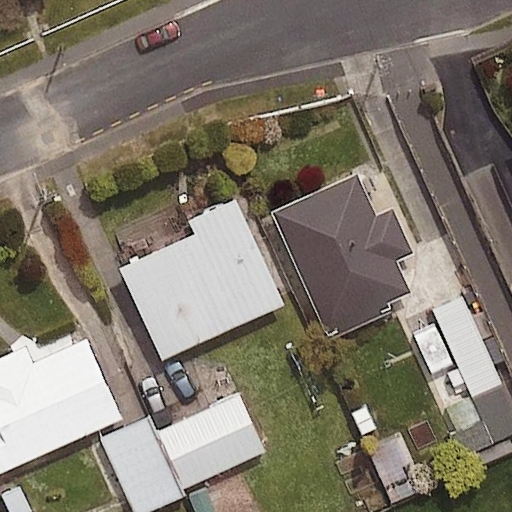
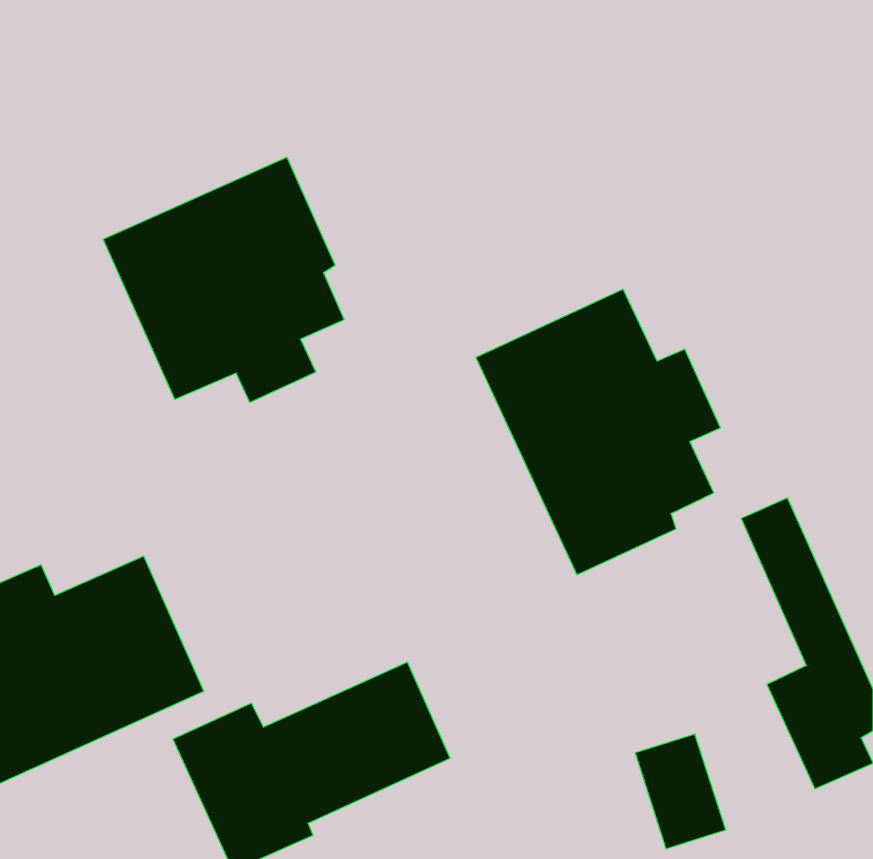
building: none -> [103,157,344,402]
building: [118,197,283,357] -> none

